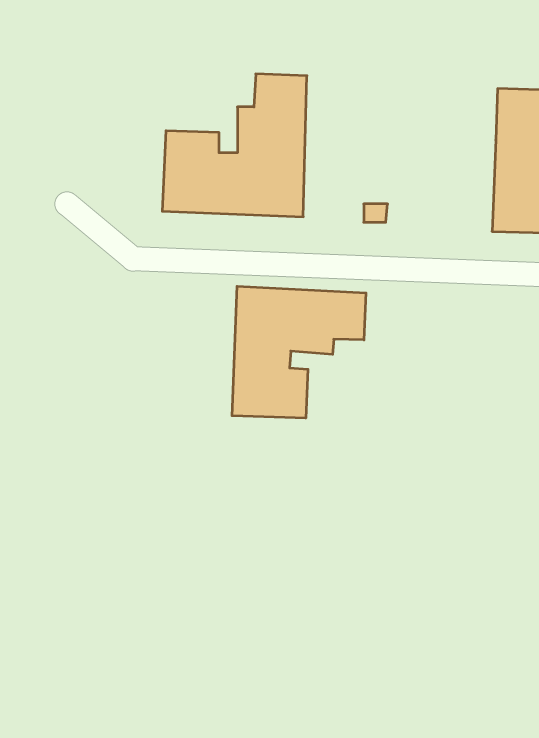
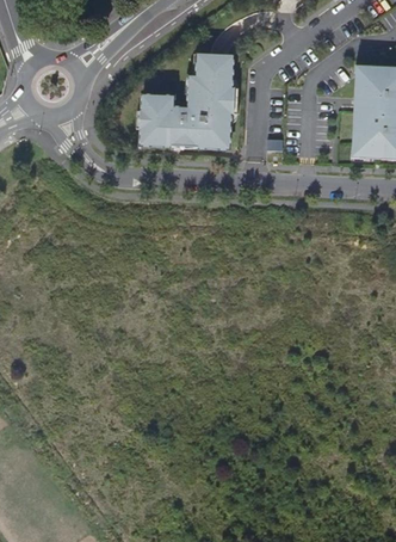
building: [232,286,366,418] -> none

